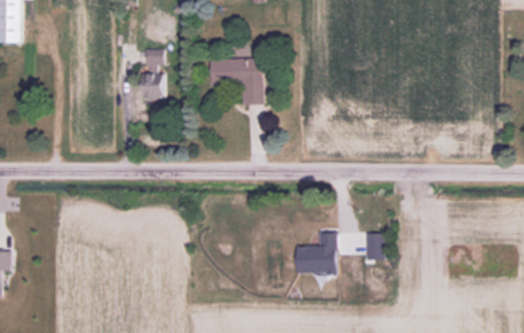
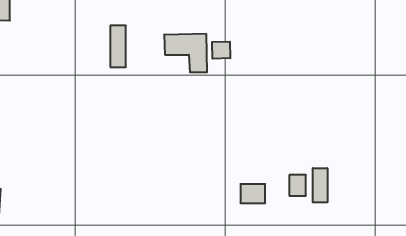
building: none -> [212,42,230,59]
building: none -> [313,168,327,202]

